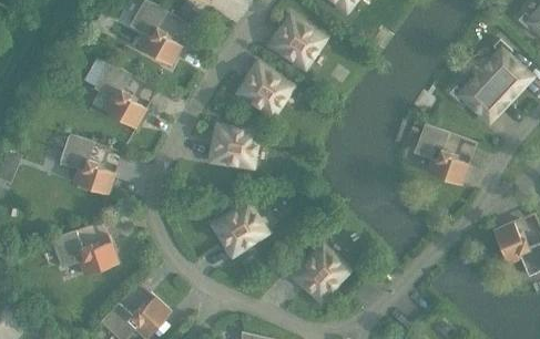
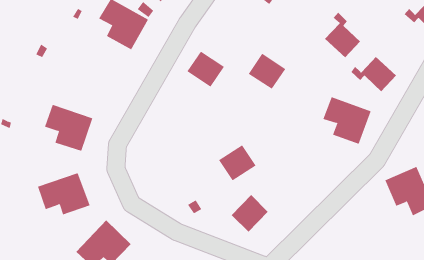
building: [269,18,318,64] -> [248,53,286,89]
building: [478,39,524,97] -> [324,12,361,58]
building: [80,57,154,129] -> none
building: [211,127,252,164] -> none
building: [212,205,261,251] -> [218,144,256,181]

